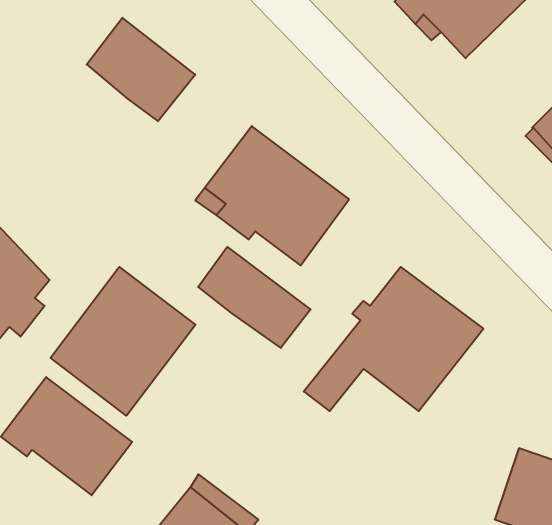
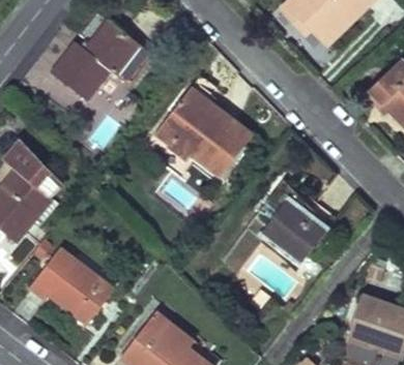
building: none -> [51,40,111,100]
building: [198,247,311,348] -> none
building: [51,267,195,416] -> none

